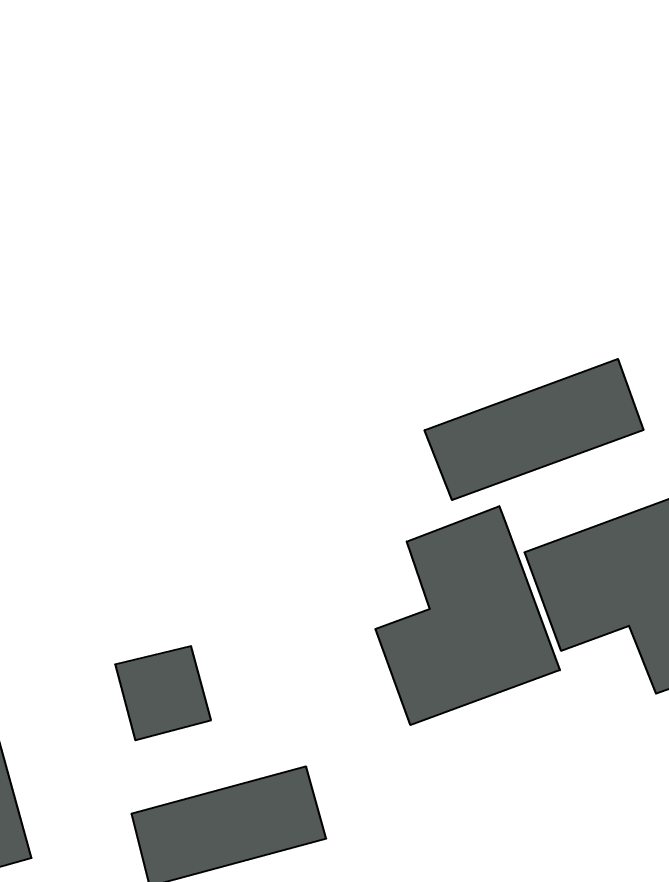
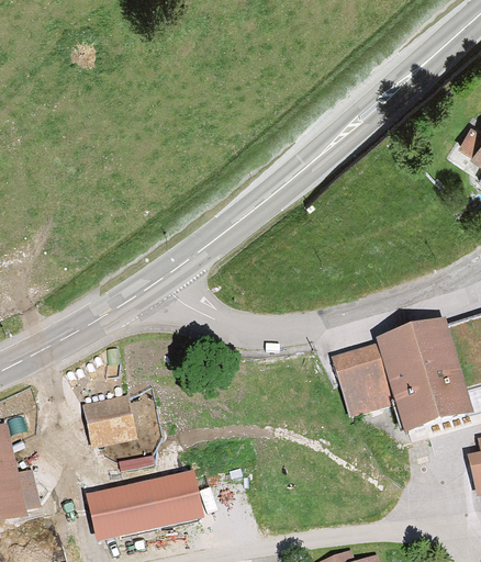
building: [425,359,644,500] -> none
building: [375,506,560,725] -> none

